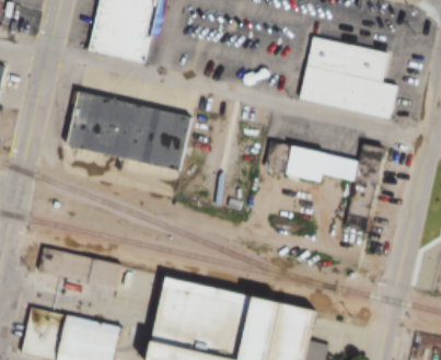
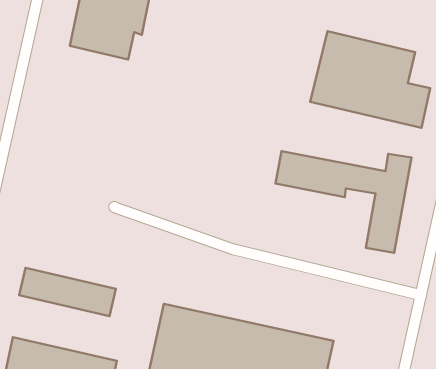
building: [59,90,184,171] -> none

